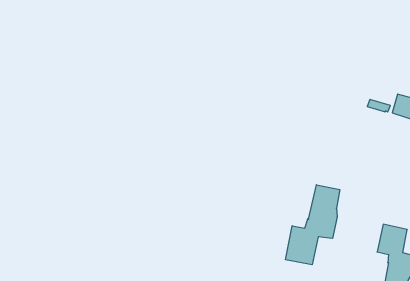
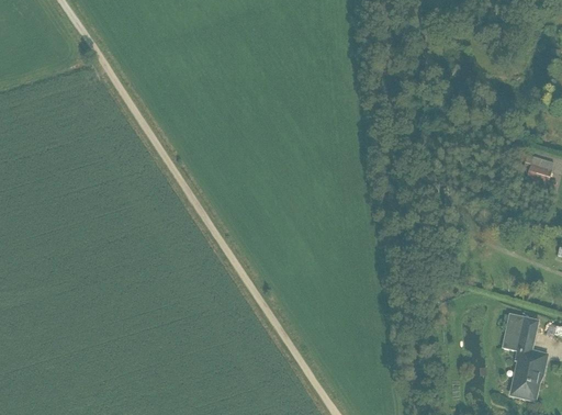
building: [286,185,340,265] -> none

